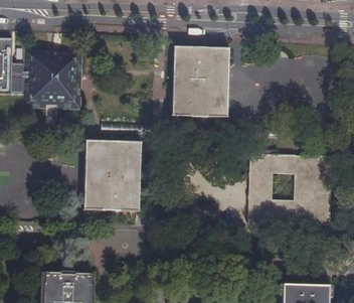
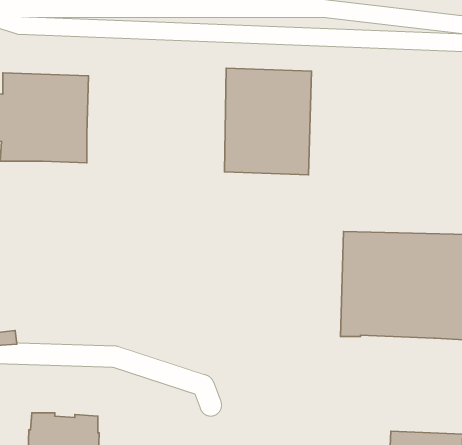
building: [83,140,141,211] -> none

